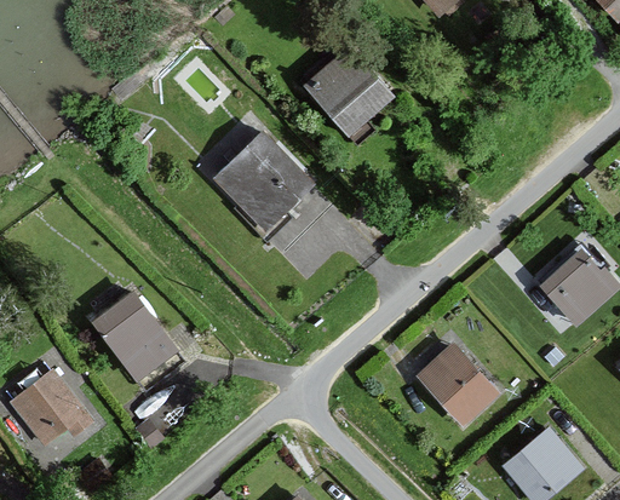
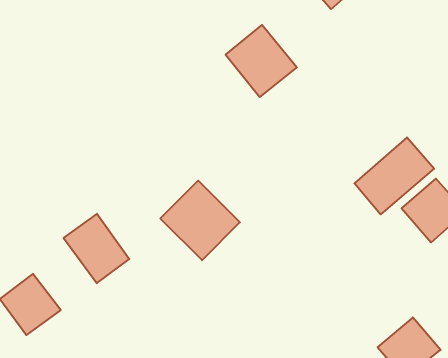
building: [211,128,315,232] -> [160,181,240,260]
building: none -> [354,137,434,214]
building: [417,340,501,426] -> none

